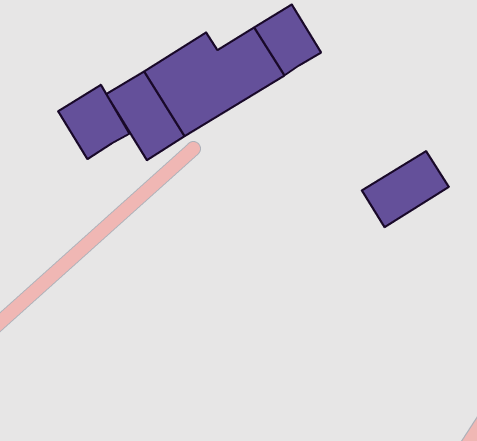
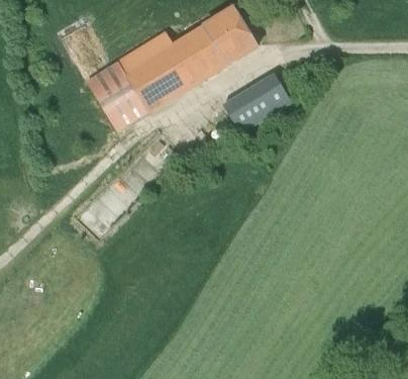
building: [58,85,129,159] -> none
building: [362,151,449,227] -> [223,72,293,132]

